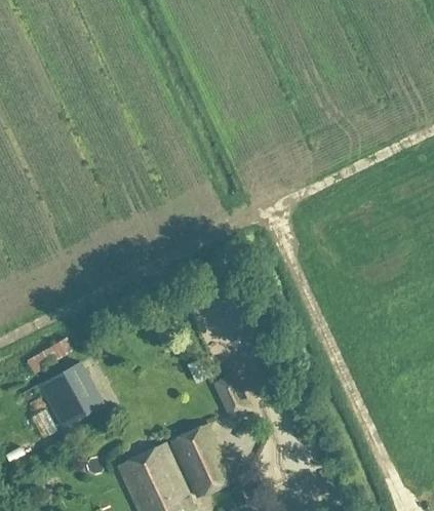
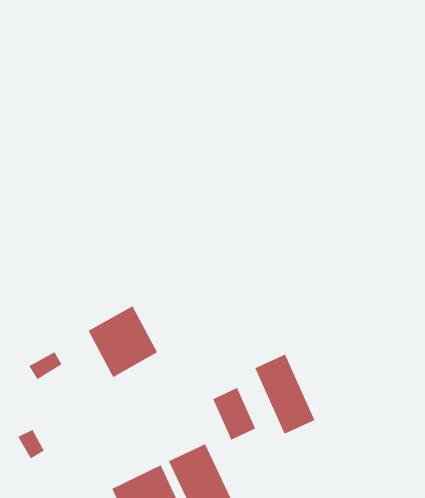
building: none -> [254,354,315,435]
building: [38,361,104,429] -> [87,305,158,378]

